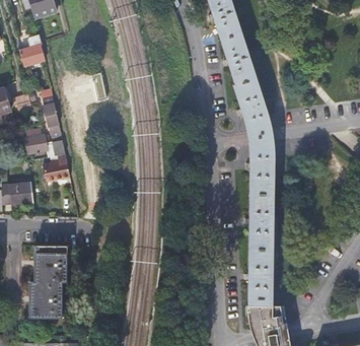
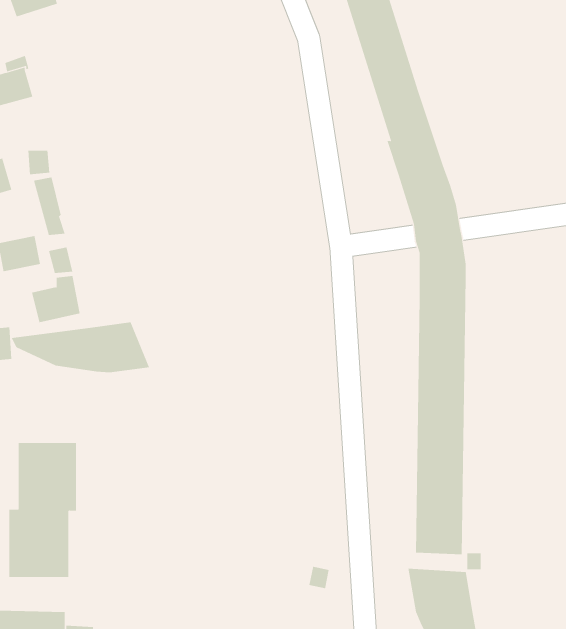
building: none -> [11,321,150,373]

